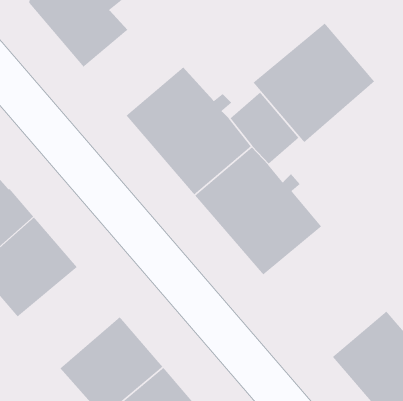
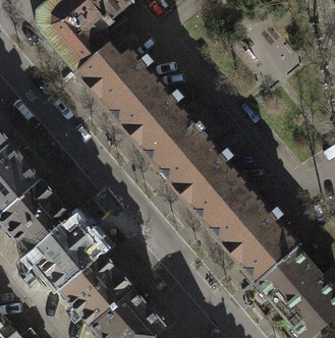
building: [253,23,375,143] -> none
building: none -> [77,47,154,108]
building: none -> [207,188,299,283]
building: none -> [29,217,104,291]

